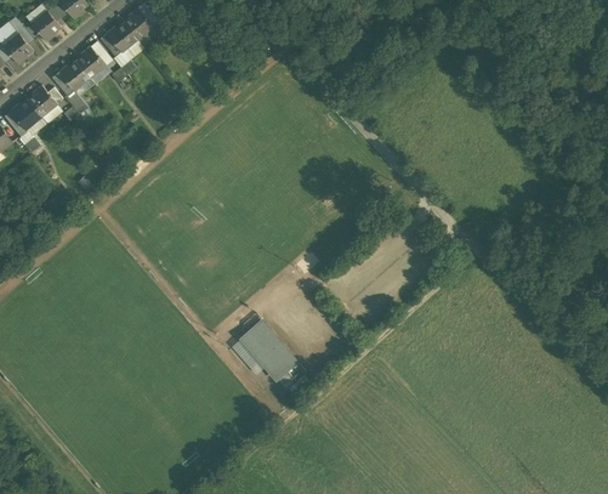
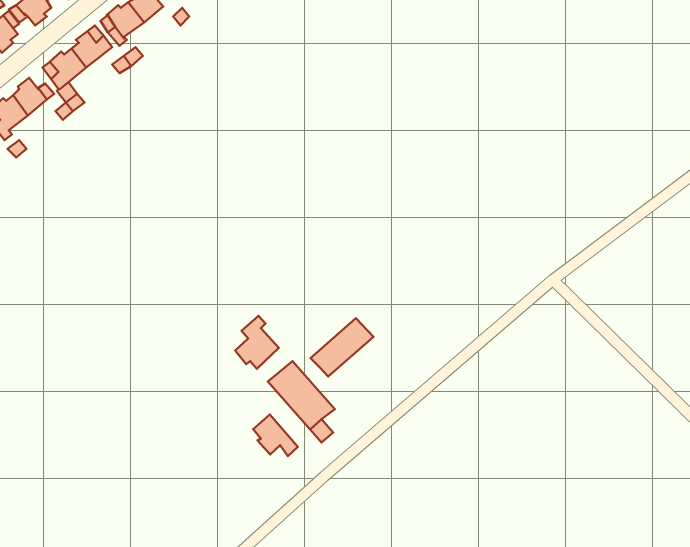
building: none -> [235,316,279,369]
building: none -> [310,318,374,377]
building: none -> [253,415,298,456]

